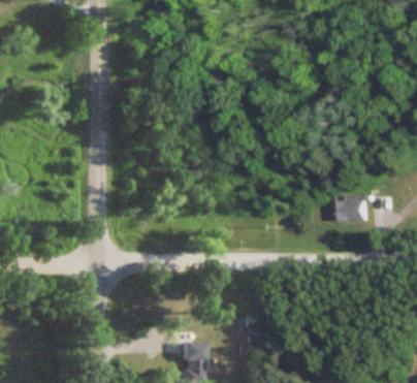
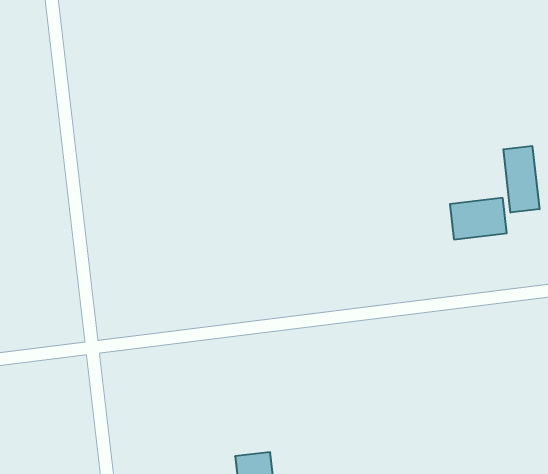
building: none -> [503,146,539,213]

